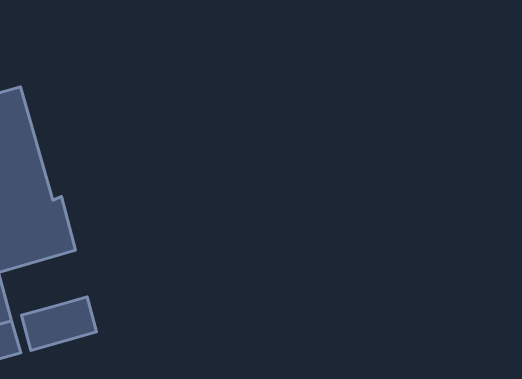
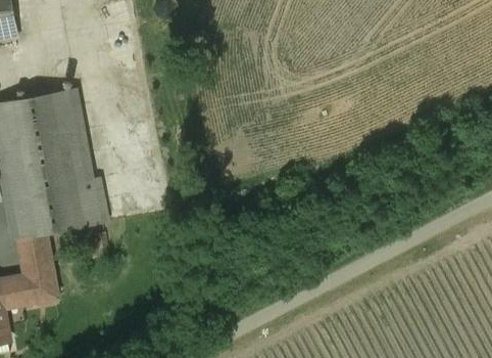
building: [21,297,97,350] -> none

